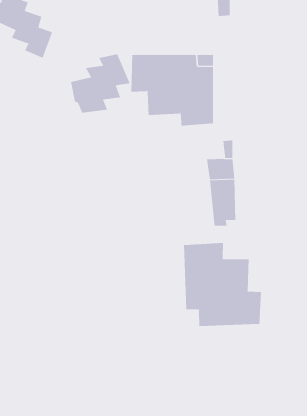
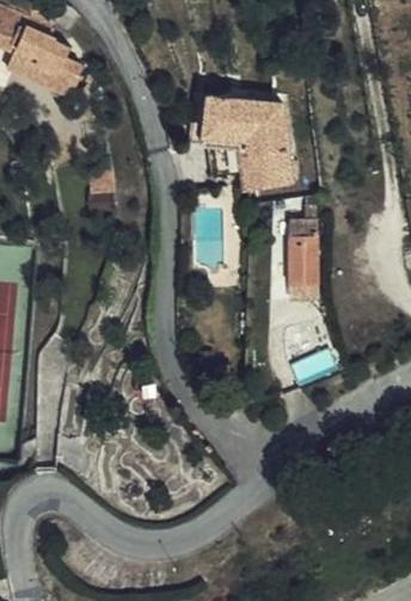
building: [70,53,131,114] -> none
building: [184,242,262,327] -> none

